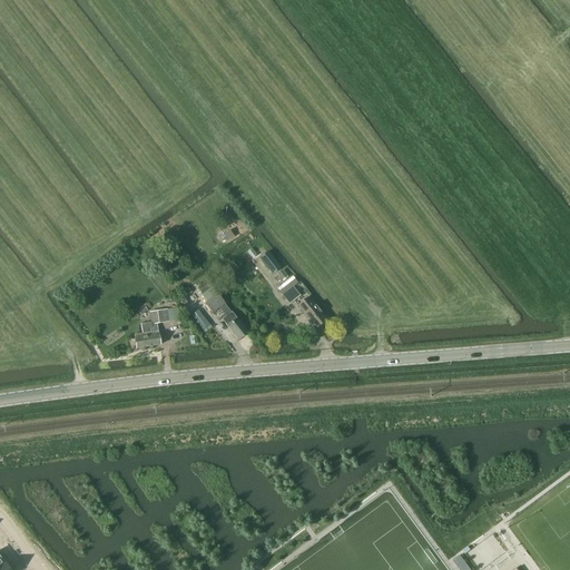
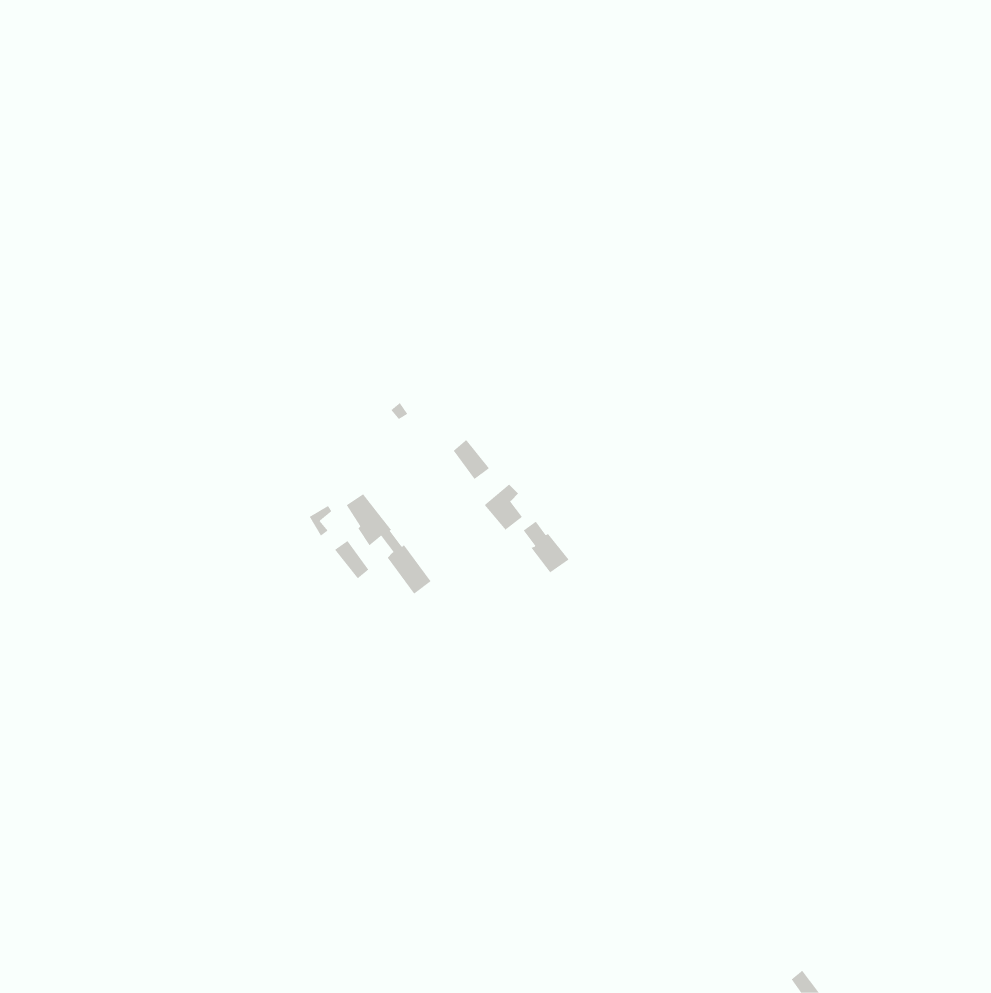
building: [135,309,169,348] -> none

